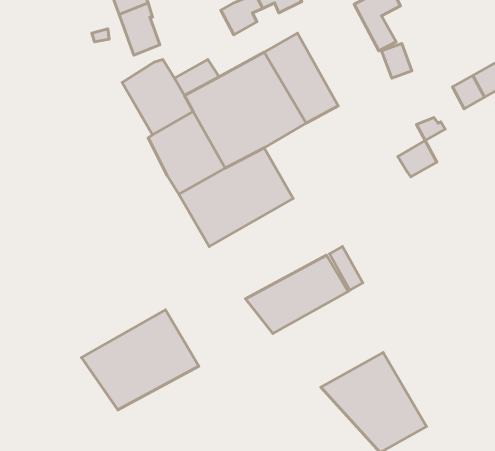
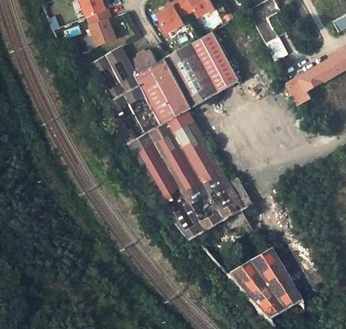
building: [398,140,437,177] -> [297,66,324,91]
building: [82,310,199,410] -> [148,143,229,212]

